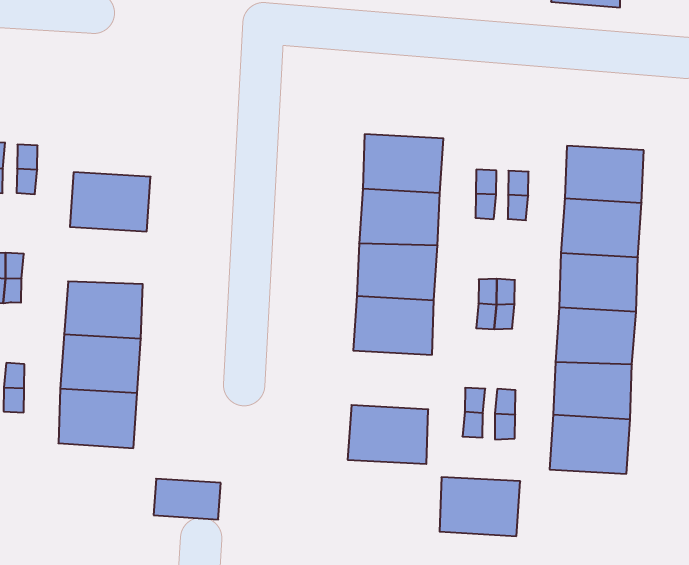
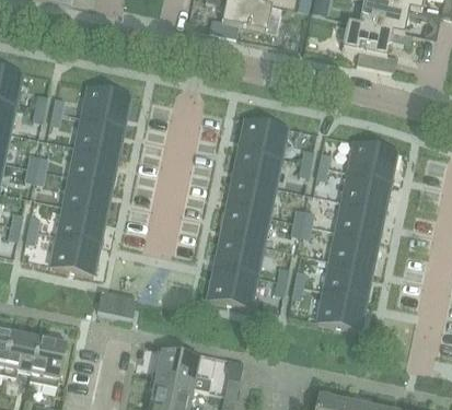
building: none -> [82,87,129,126]
building: none -> [70,147,117,184]
building: [440,477,520,536] -> [215,237,263,276]

